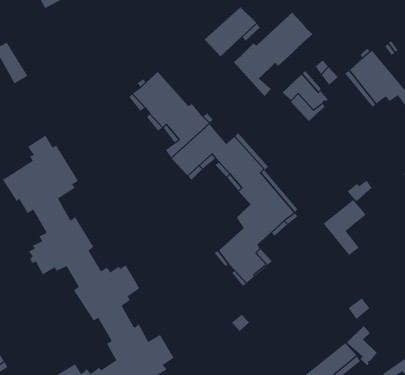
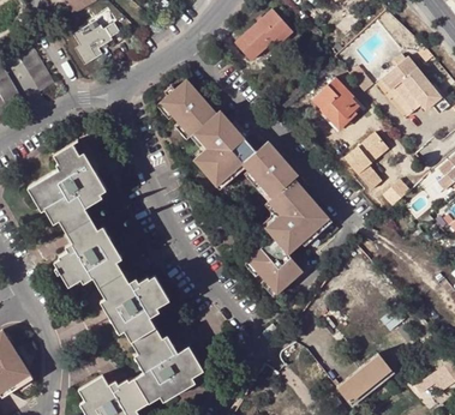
building: [233,12,314,97] -> none
building: none -> [73,19,119,64]
building: [323,199,366,256] -> [343,134,388,192]
building: [346,325,378,366] -> none

